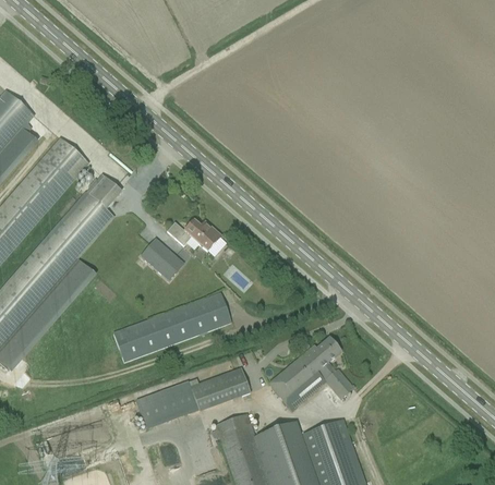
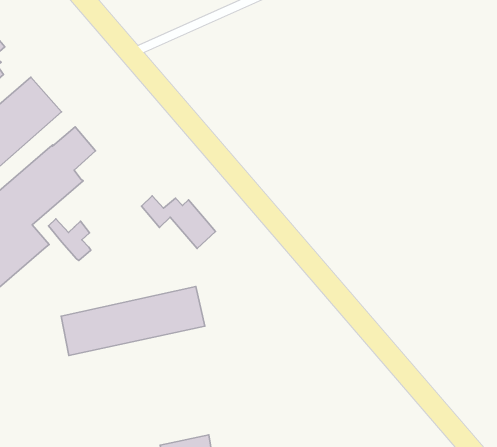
building: [140,246,178,279] -> [48,219,91,260]
building: [267,336,353,409] -> none
building: [140,366,250,427] -> none

